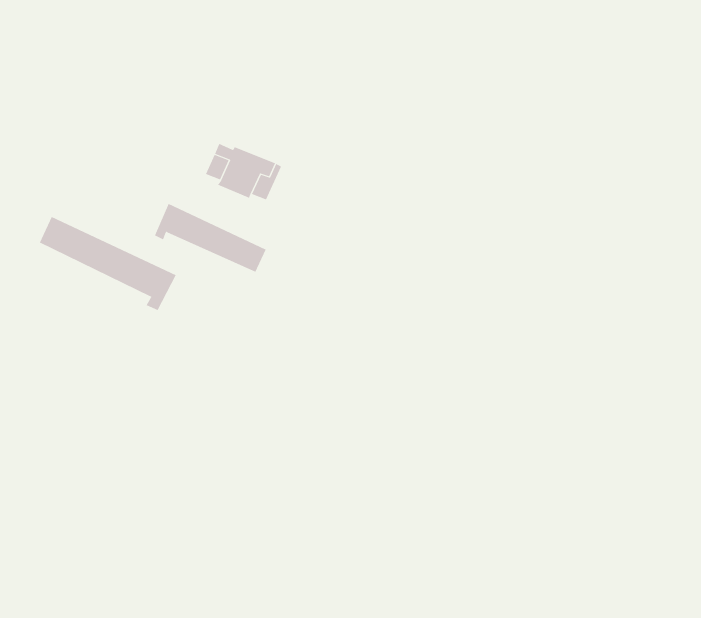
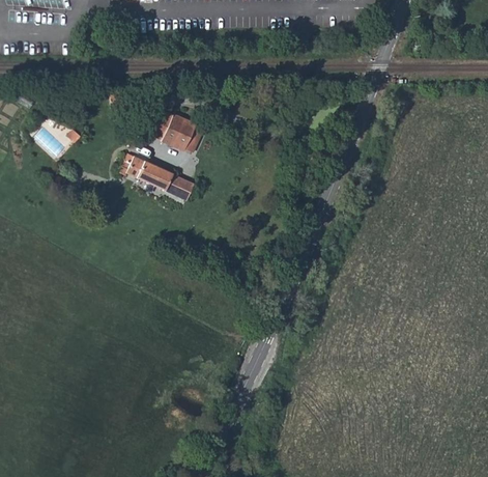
building: [39,216,176,311] -> none

